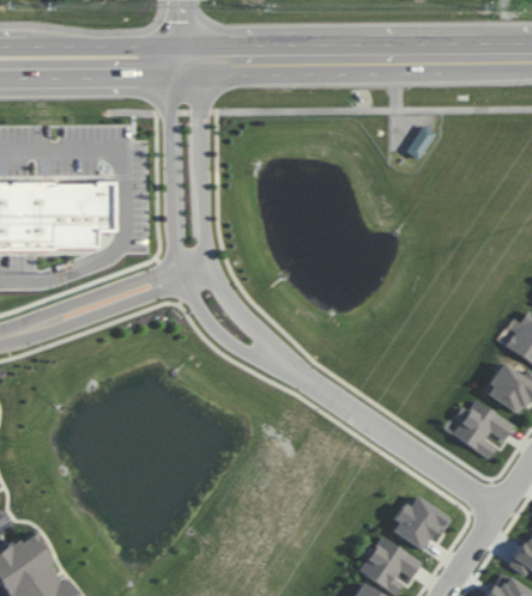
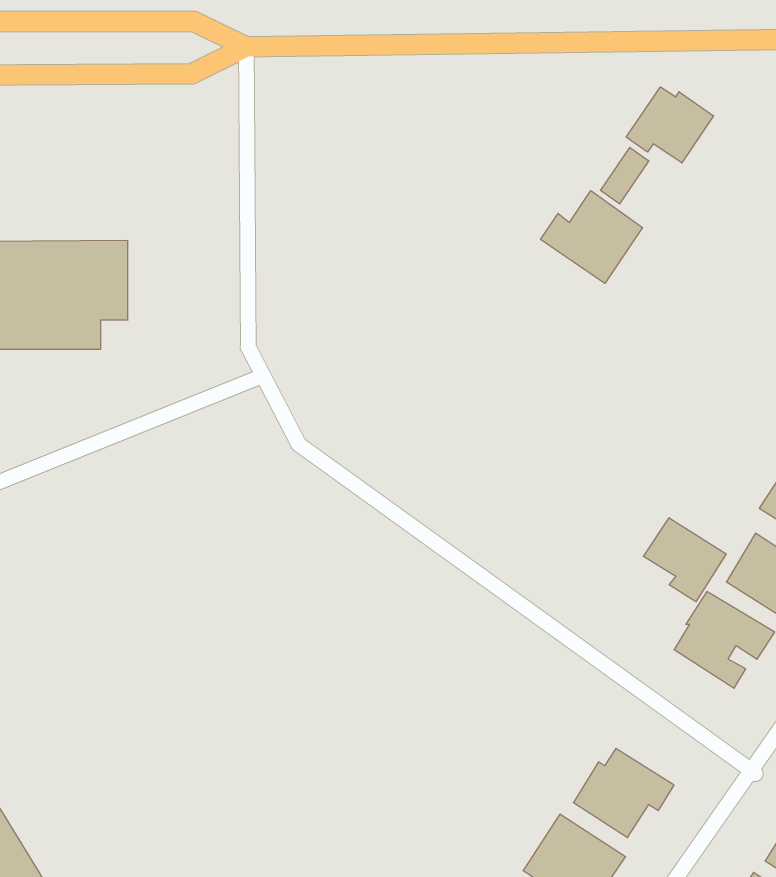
building: none -> [626,87,714,163]
building: none -> [541,191,643,283]
building: none -> [643,518,726,602]

